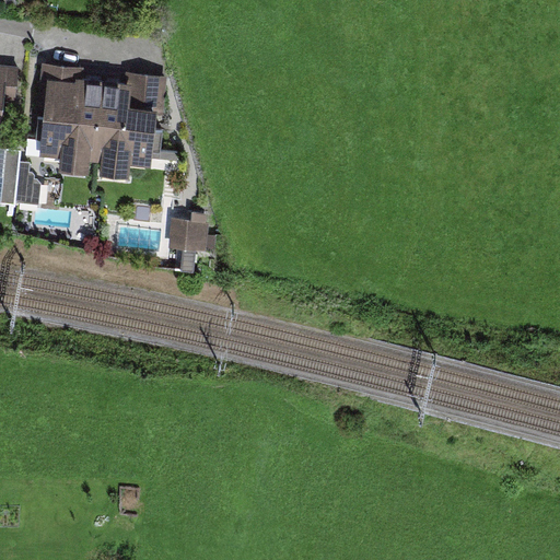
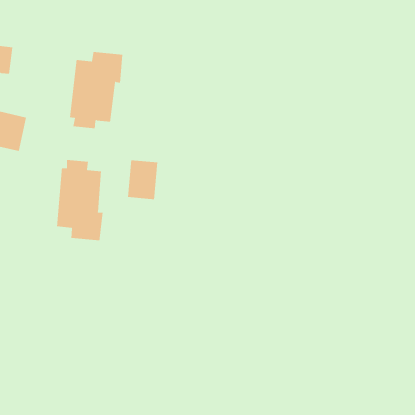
building: [37,62,102,171] -> none
building: none -> [56,159,103,241]

